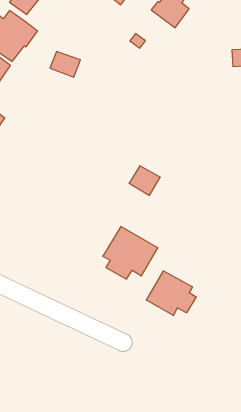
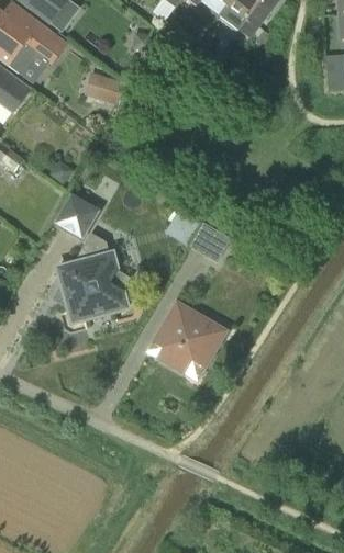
building: none -> [51,191,99,239]
building: none -> [53,233,127,324]
building: [146,271,196,316] -> none

